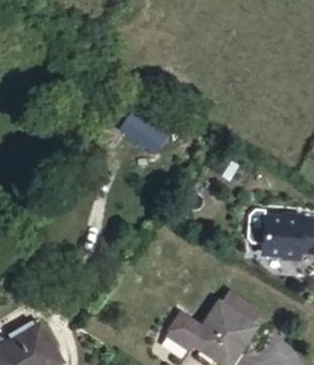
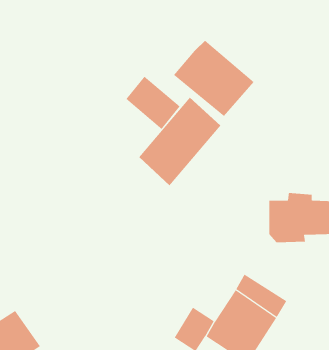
building: none -> [173,40,254,117]
building: none -> [138,97,221,186]

